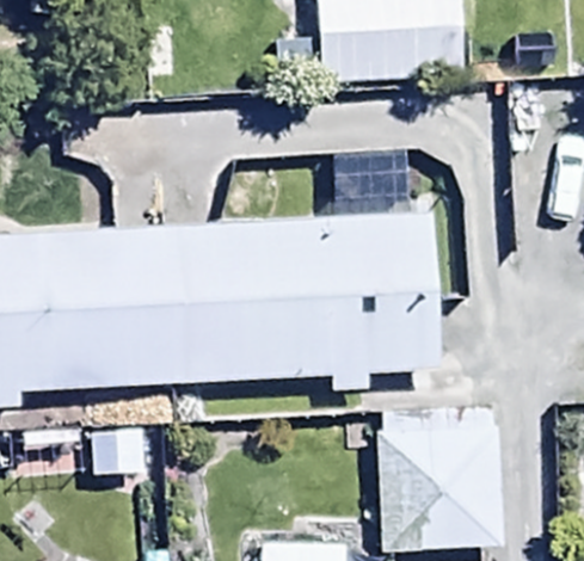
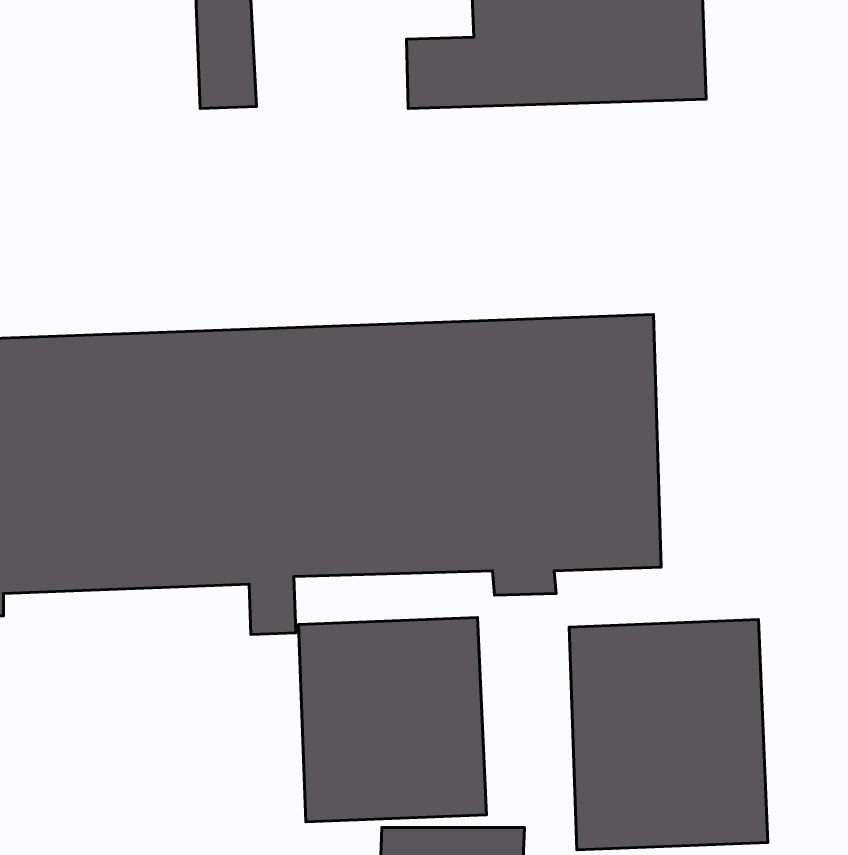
building: none -> [299,617,487,822]

